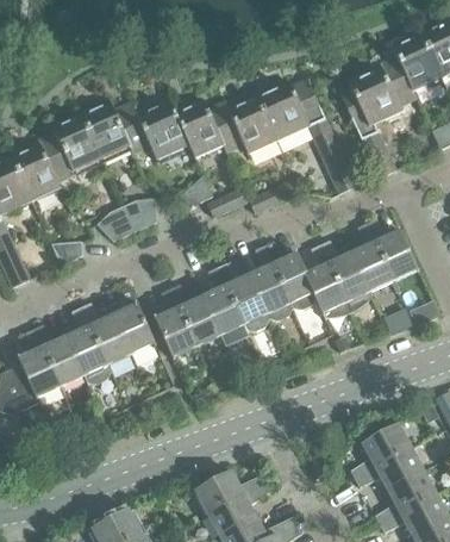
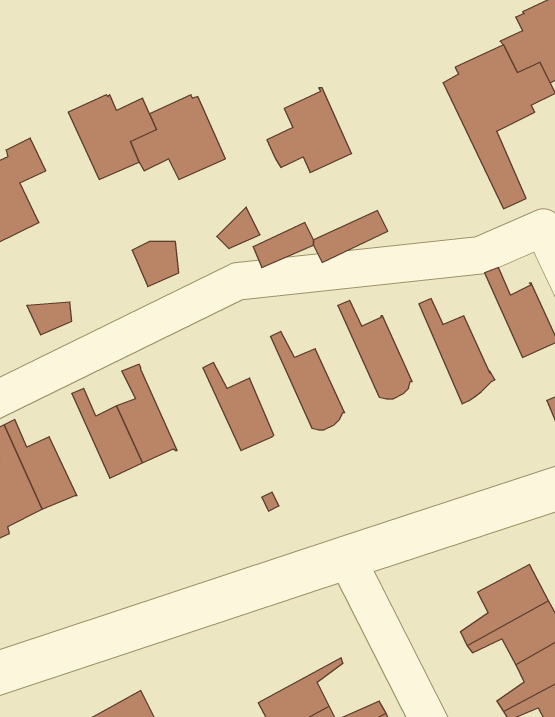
building: [256,77,357,194] -> none
building: [175,99,236,156] -> none
building: [48,111,102,180] -> none
building: [98,206,136,242] -> none
building: [354,222,400,293] -> none
building: [307,243,352,318] -> none
building: [251,244,295,319] -> none
building: [206,266,250,345] -> none
building: [155,287,200,357] -> none
building: [68,305,112,384] -> none
building: [198,472,269,518] -> none

